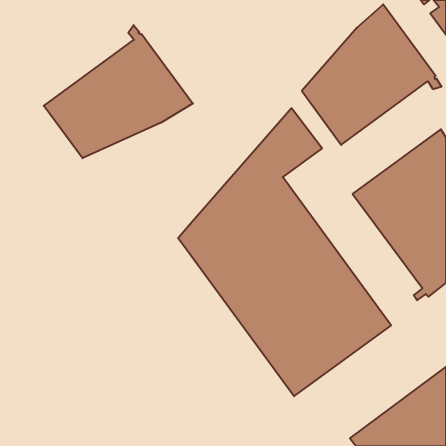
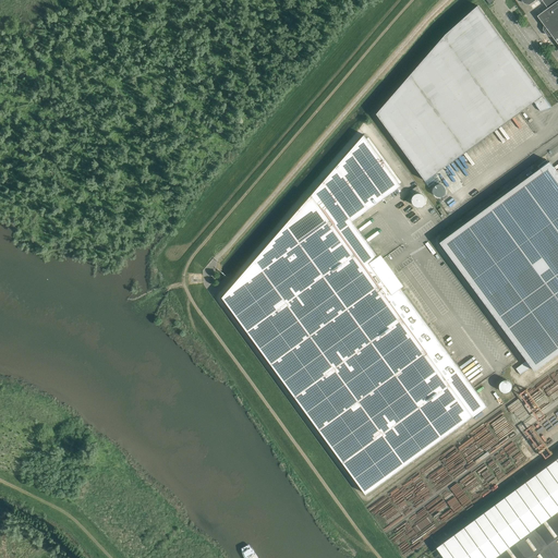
building: [44,25,193,158] -> none

